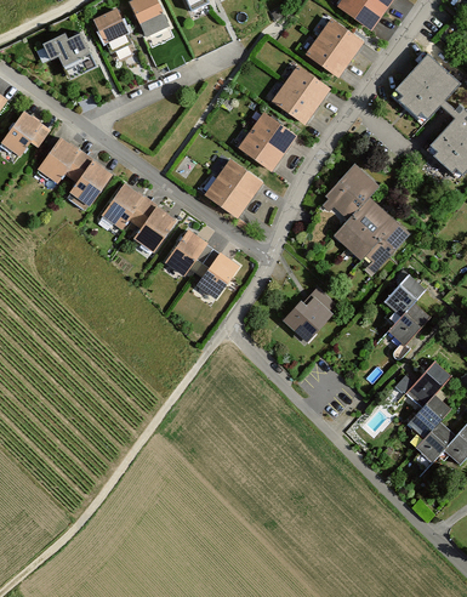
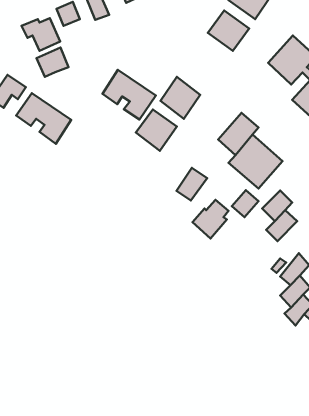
building: [272,66,329,126] -> none
building: none -> [37,48,68,77]
building: [99,181,175,251] -> [102,70,156,120]
building: [165,228,206,273] -> none
building: [197,251,240,297] -> [176,168,207,200]
building: none -> [232,190,259,217]

